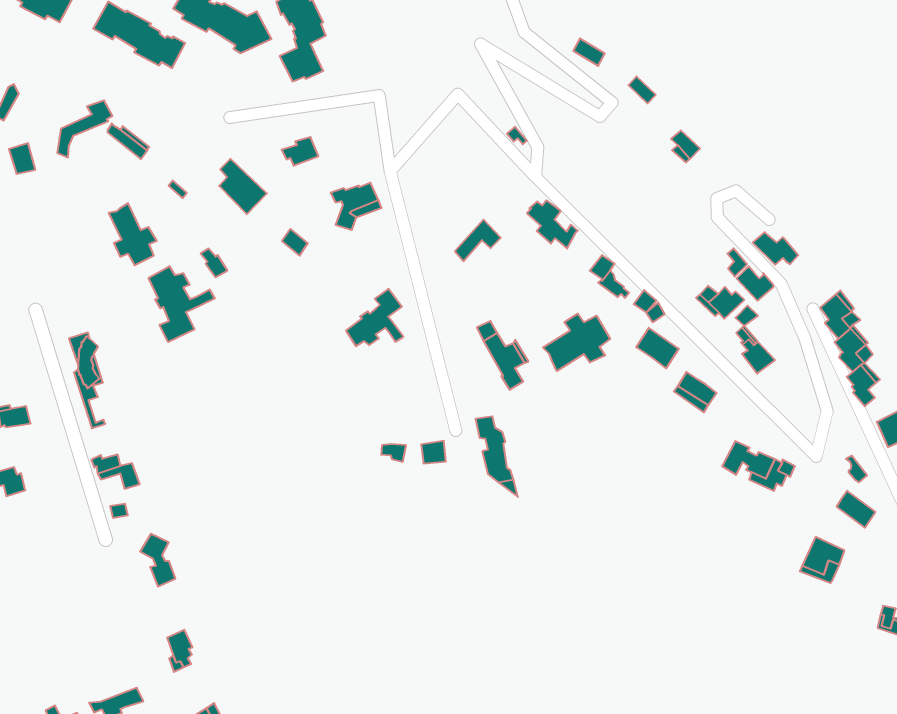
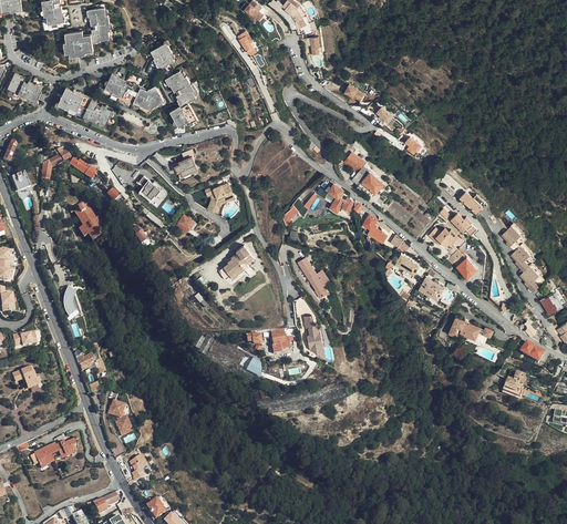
building: none -> [343,152,383,197]
building: [149,266,215,342] -> none
building: [543,314,610,371] -> none
building: none -> [38,435,80,465]

